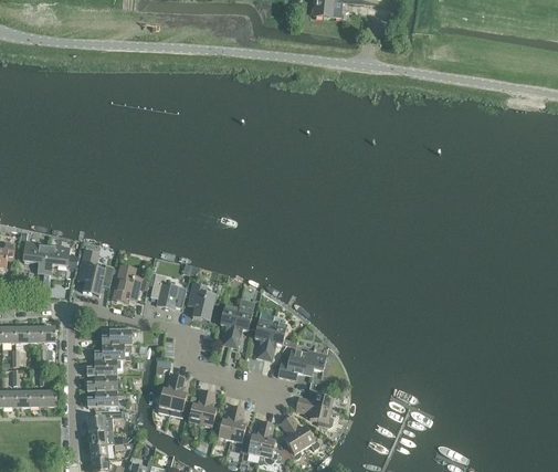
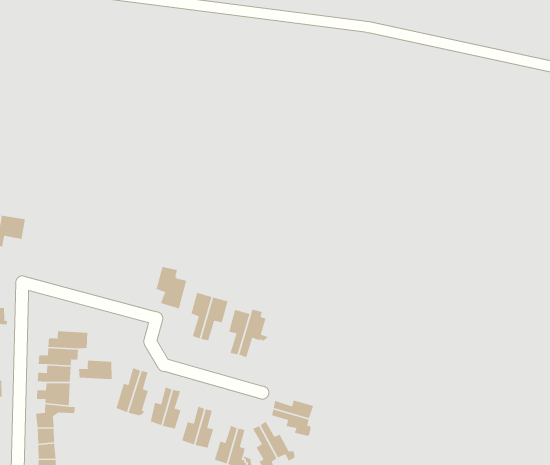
building: [76,256,105,294] -> none
building: [110,265,141,300] -> none
building: [150,273,186,307] -> none
building: [101,327,131,344] -> [78,360,112,380]
building: [277,347,326,378] -> none

